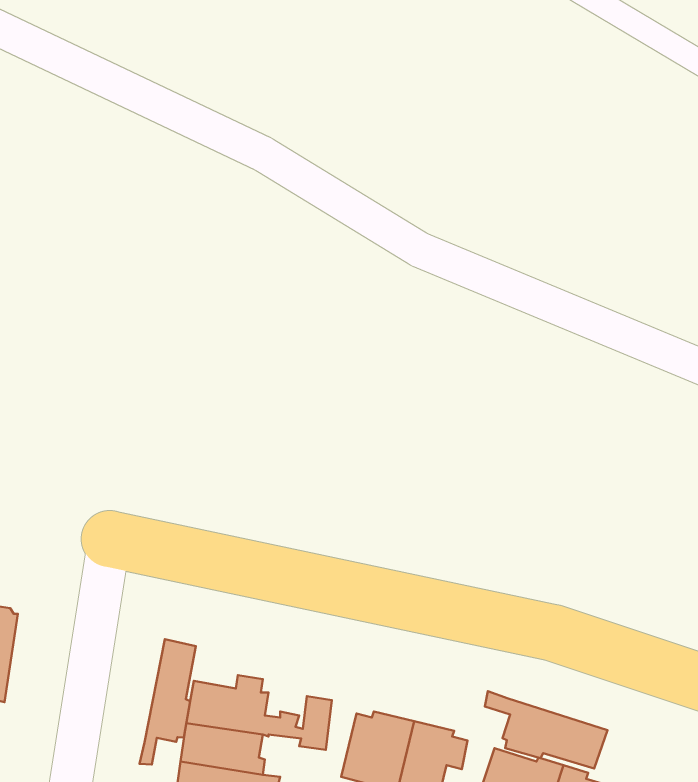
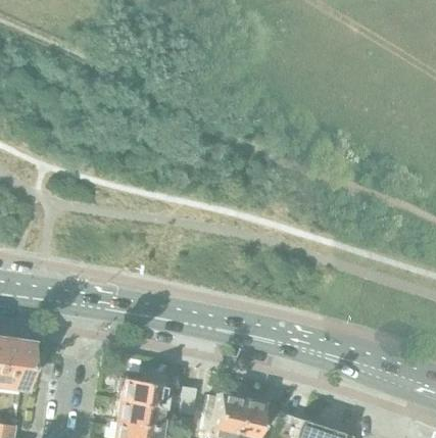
building: [140,639,196,764] -> none
building: [485,691,607,769] -> none

